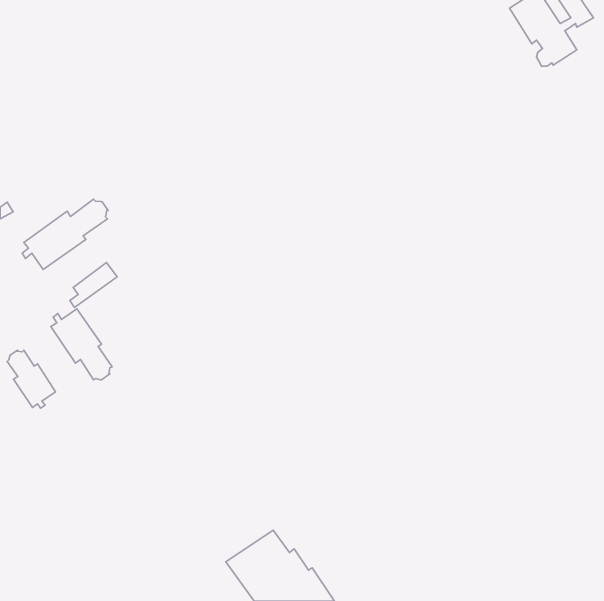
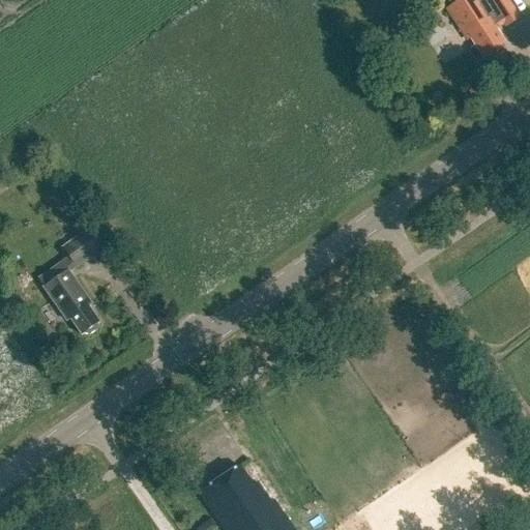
building: [22,199,108,269] -> none
building: [7,350,56,408] -> none

